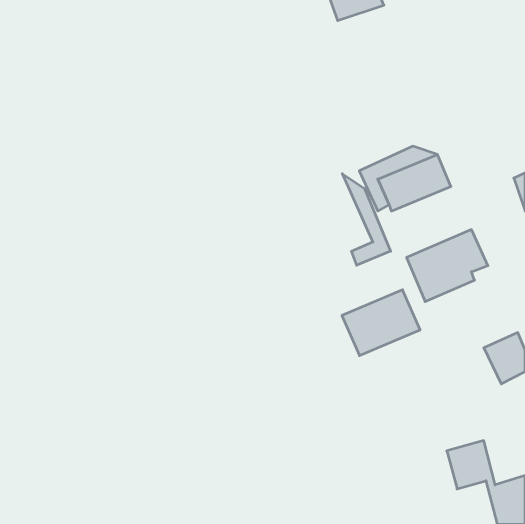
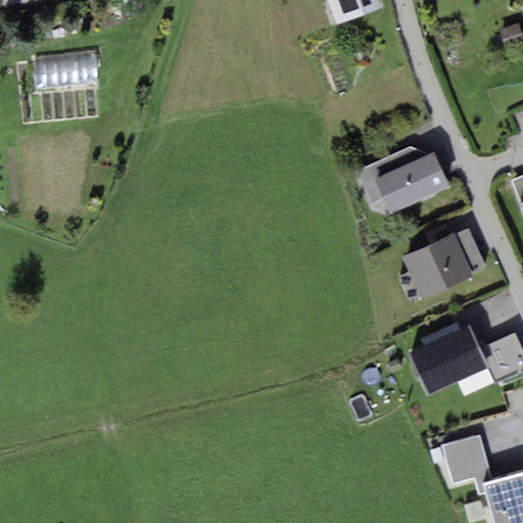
building: none -> [39,56,100,92]
building: [342,174,391,265] -> none
building: [342,290,420,356] -> [409,329,486,394]

